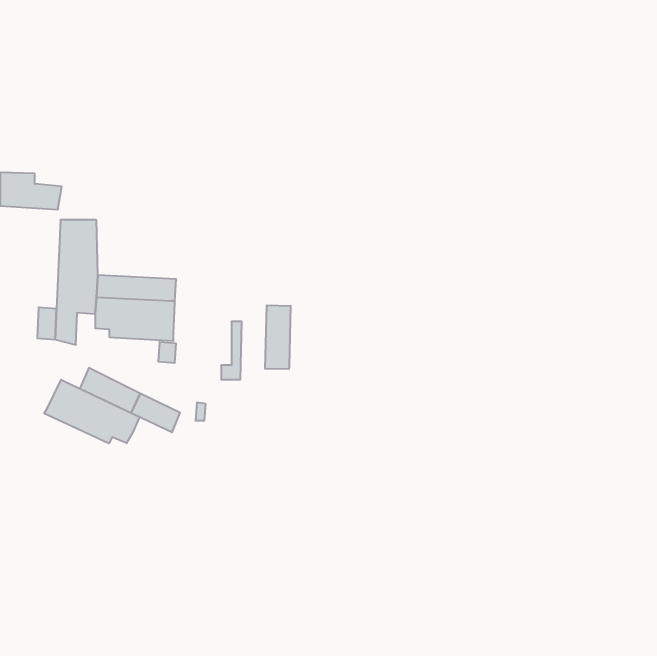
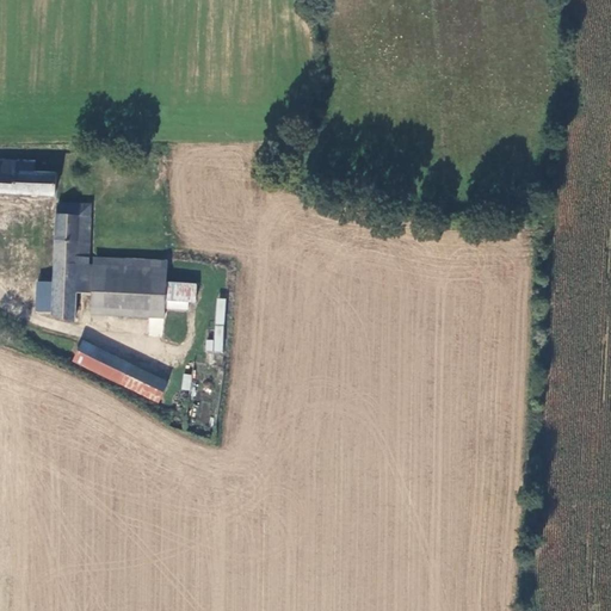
building: none -> [161,283,198,310]
building: [265,305,291,369] -> none
building: [44,380,139,443] -> none

